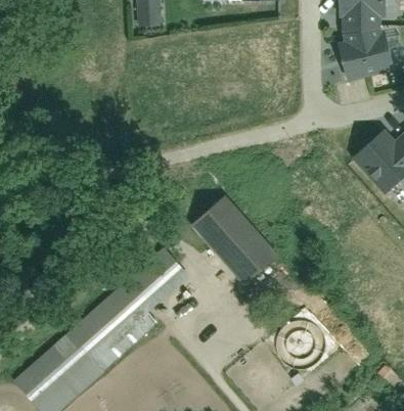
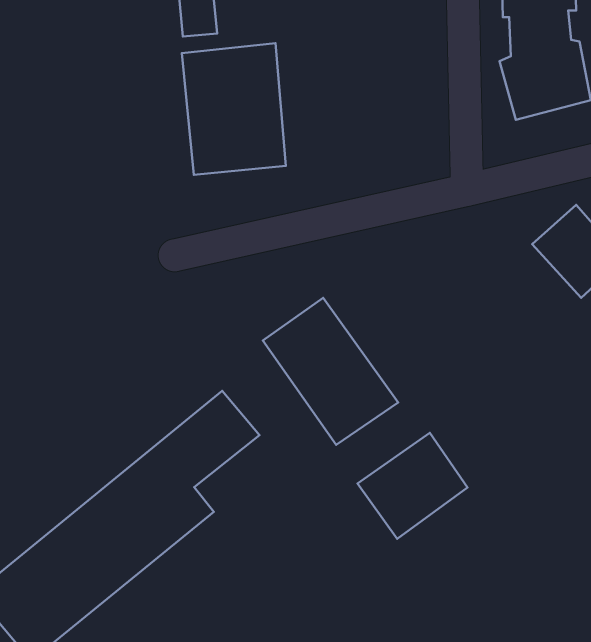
building: none -> [182,43,286,175]
building: none -> [358,433,468,539]

